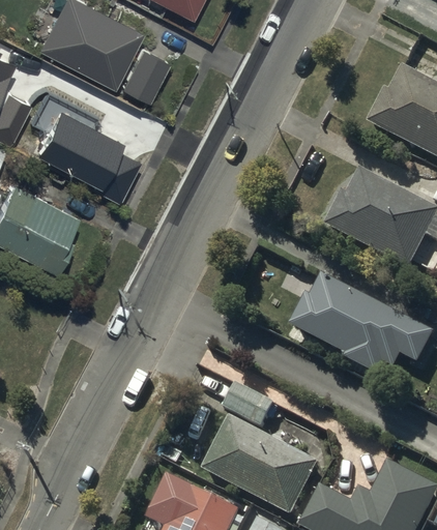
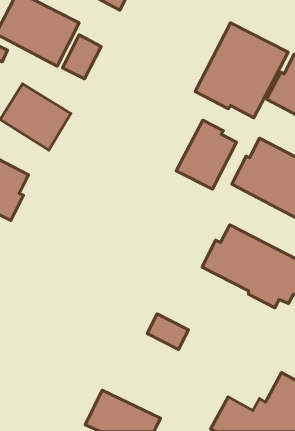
building: none -> [195,23,288,118]
building: none -> [176,120,236,189]
building: [201,416,318,516] -> none

